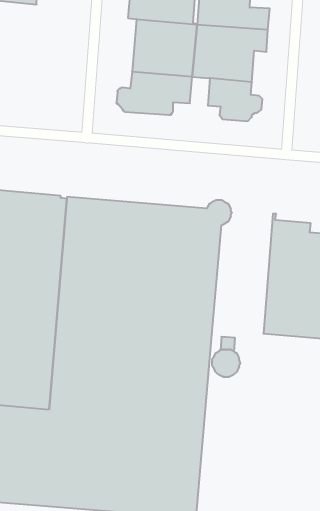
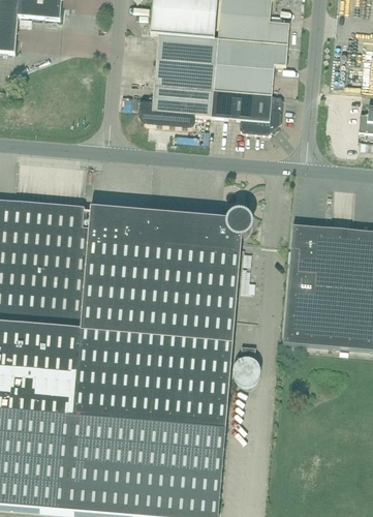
building: none -> [211,89,230,117]

